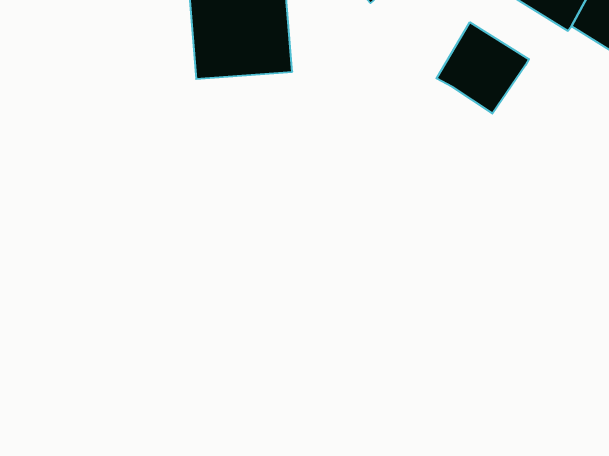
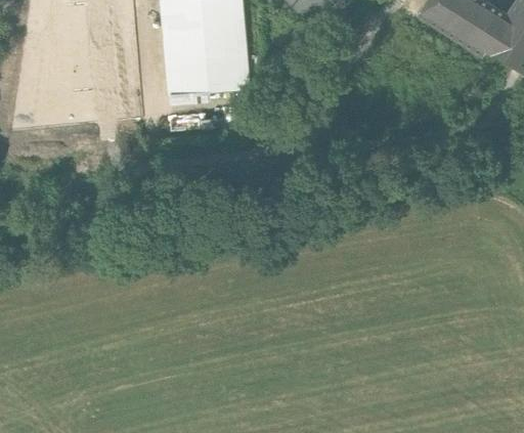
building: [436,22,529,114] -> none

